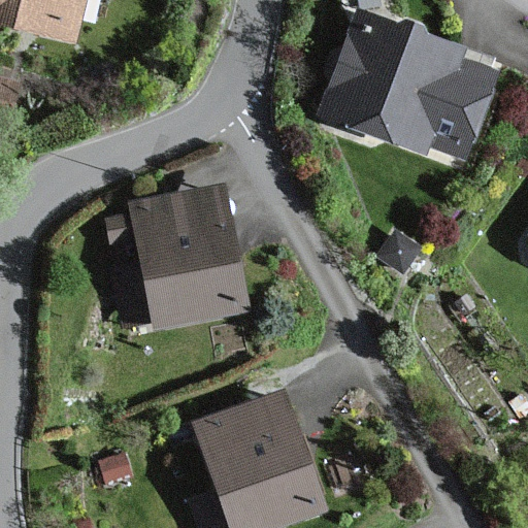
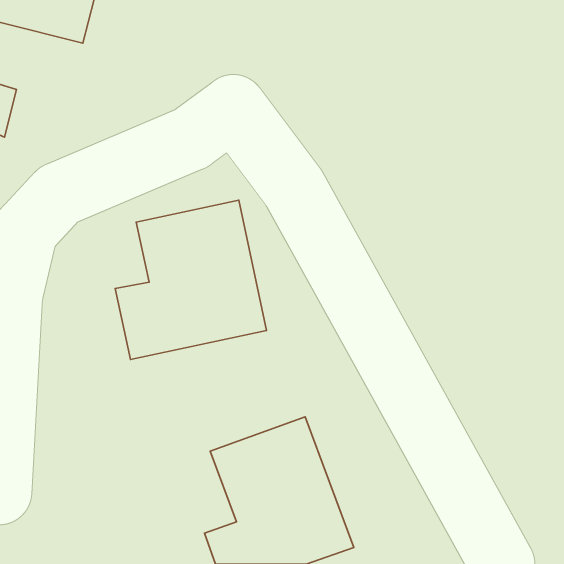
building: [320,11,495,158] -> none

